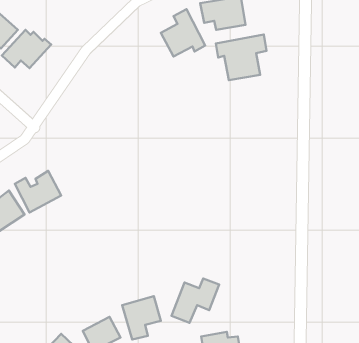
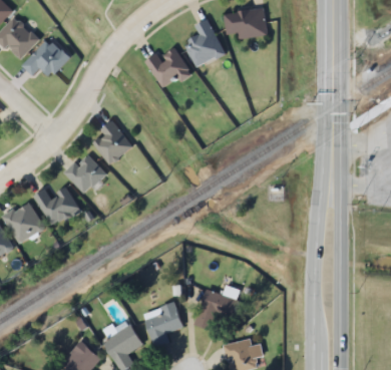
building: [216,34,267,80] -> none
building: none -> [146,44,193,84]
building: none -> [91,118,134,164]
building: none -> [62,153,105,193]

